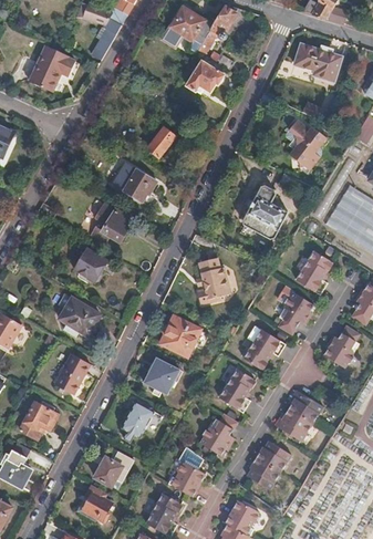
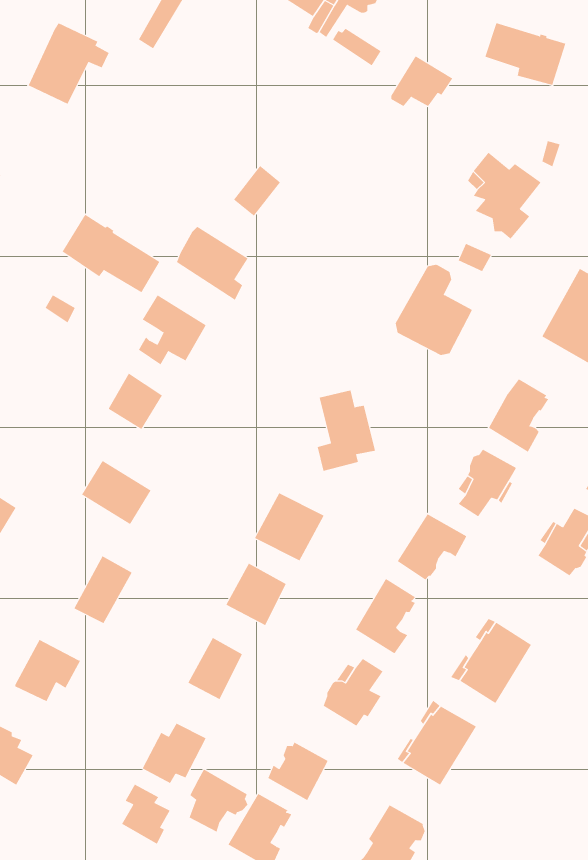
building: [187,61,224,91] -> [390,56,453,107]
building: none -> [62,214,160,293]
building: none -> [189,769,248,833]

